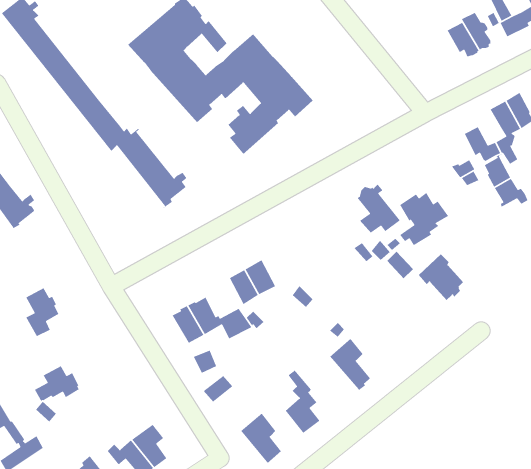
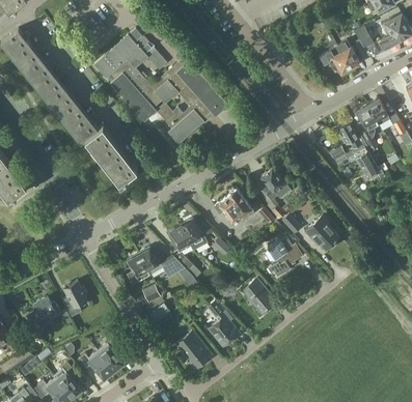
building: [399,192,449,246] -> [267,237,303,277]
building: none -> [214,188,253,226]
building: [25,287,60,337] -> [63,281,88,317]

